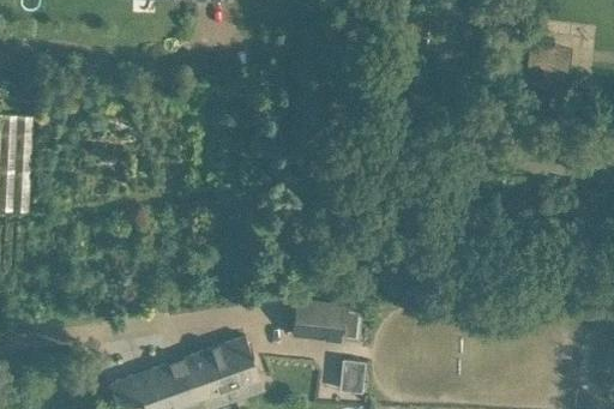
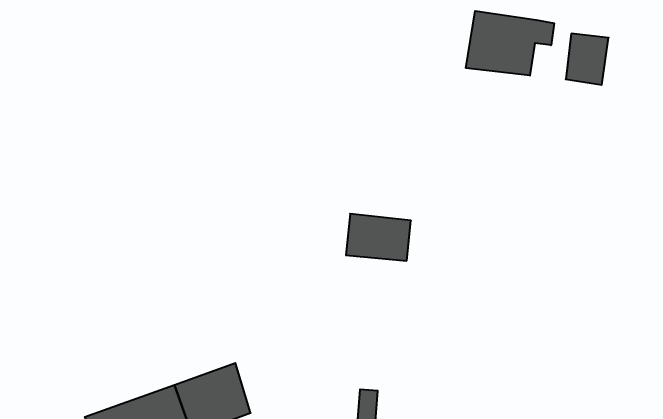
building: none -> [466,11,554,76]
building: [290,300,347,341] -> [346,214,411,261]

